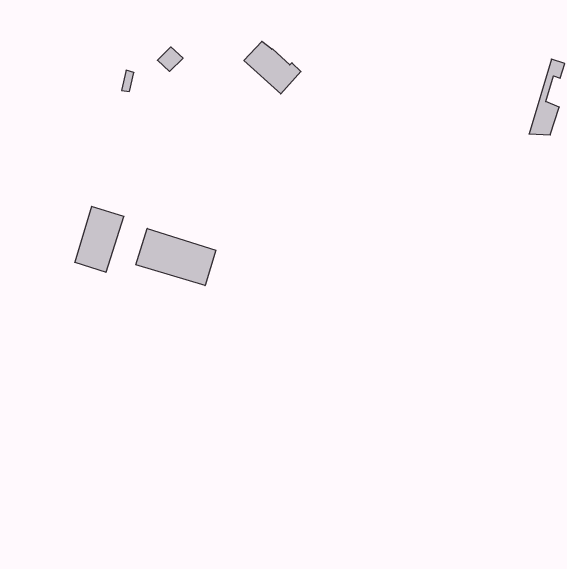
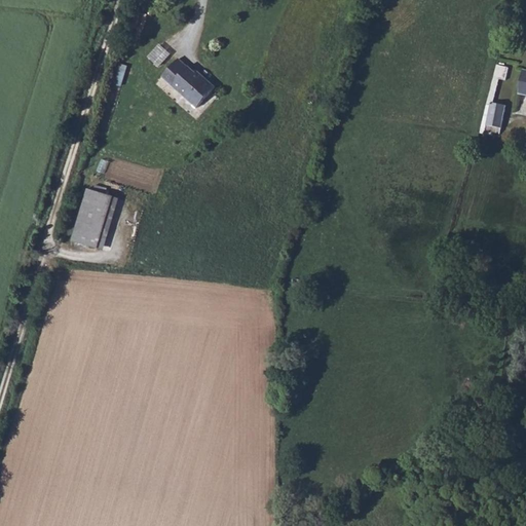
building: [244,41,301,94] -> [161,58,214,106]
building: [136,228,216,286] -> none

